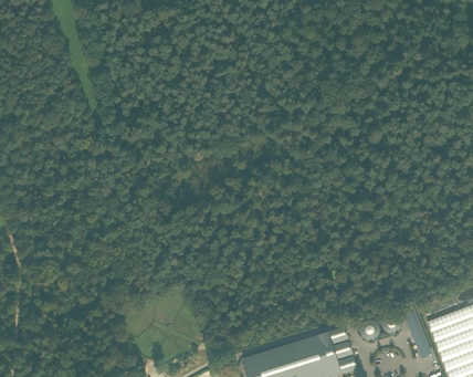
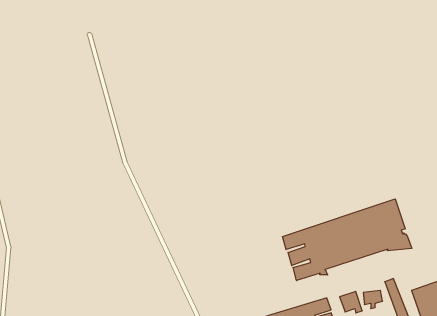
building: none -> [283,199,412,281]

